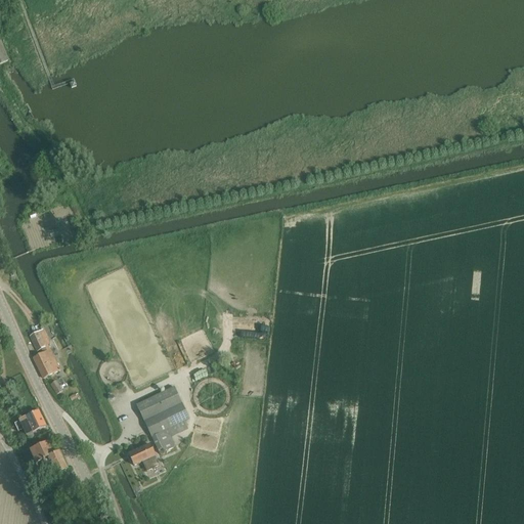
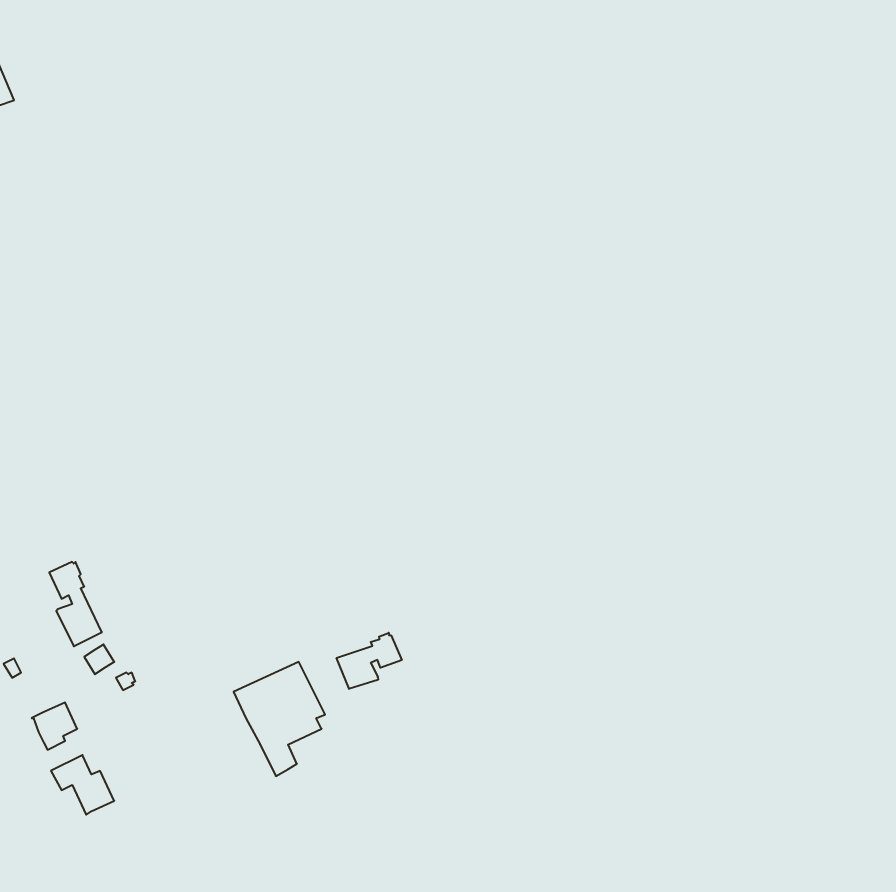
building: none -> [337,633,402,689]
building: [128,442,159,469] -> none

